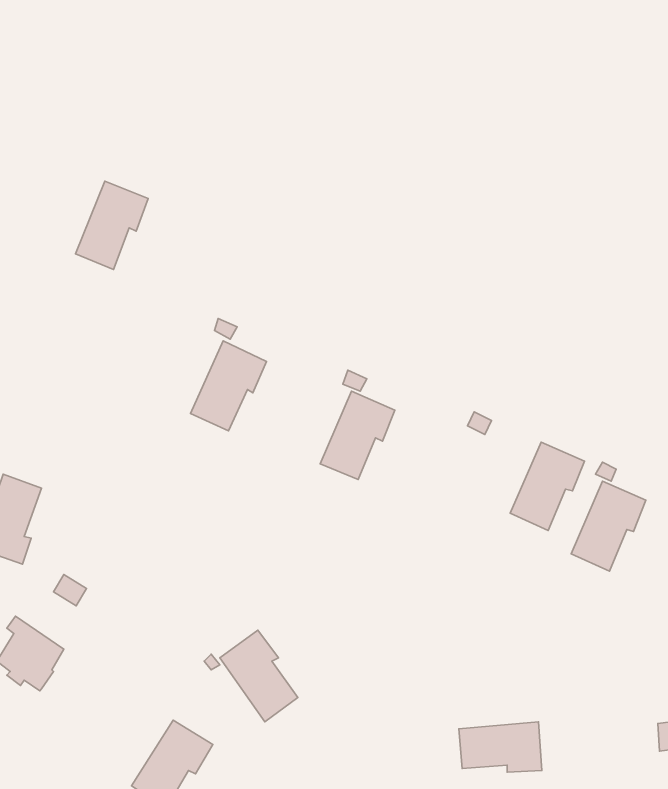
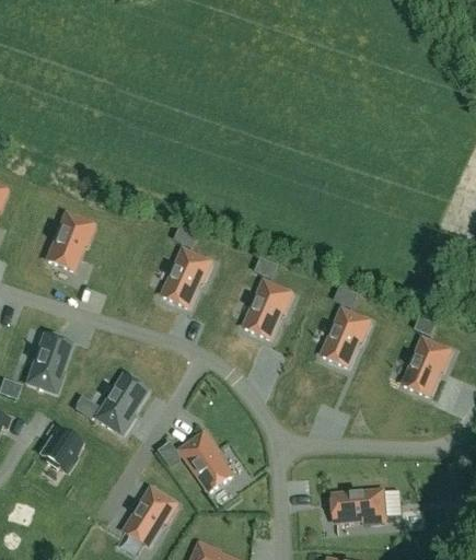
building: [75,181,148,269] -> [47,211,93,267]
building: [510,442,585,531] -> [322,308,369,364]
building: none -> [97,373,147,432]

